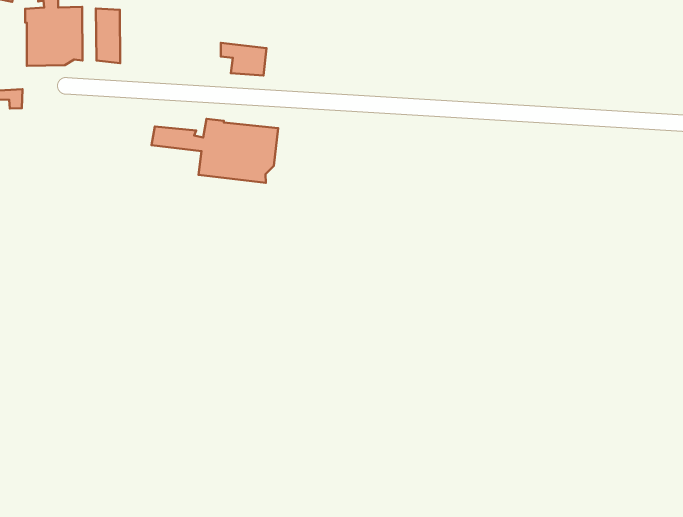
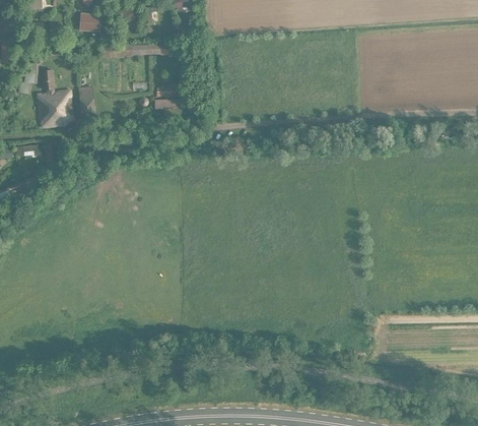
building: [152,119,278,183] -> none

